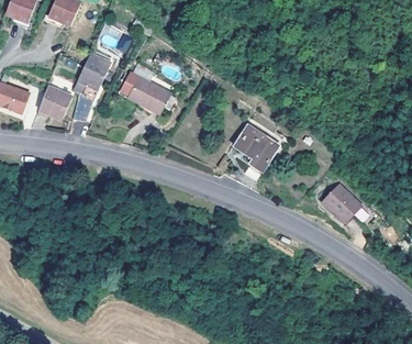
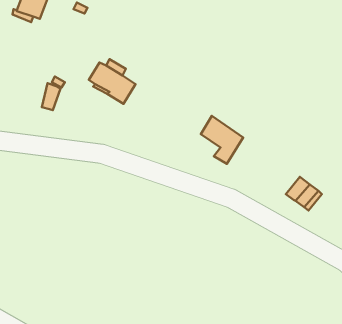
building: [79,45,111,87] -> none
building: [40,85,73,116] -> none

